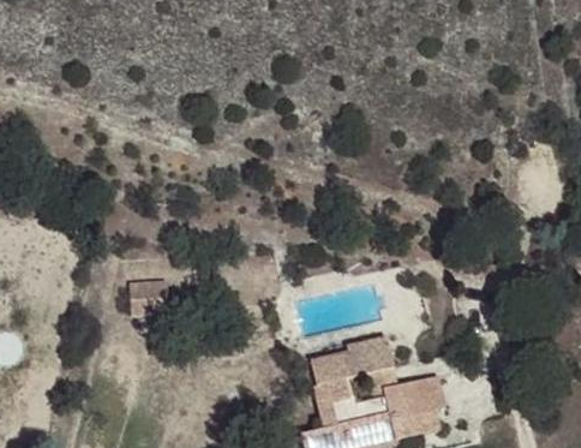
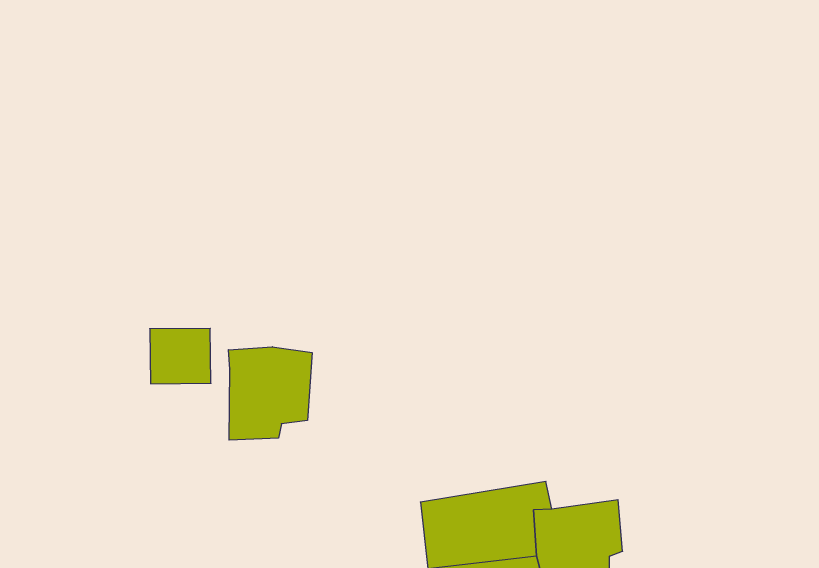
building: none -> [228,347,312,440]
building: [311,338,393,383] -> none

